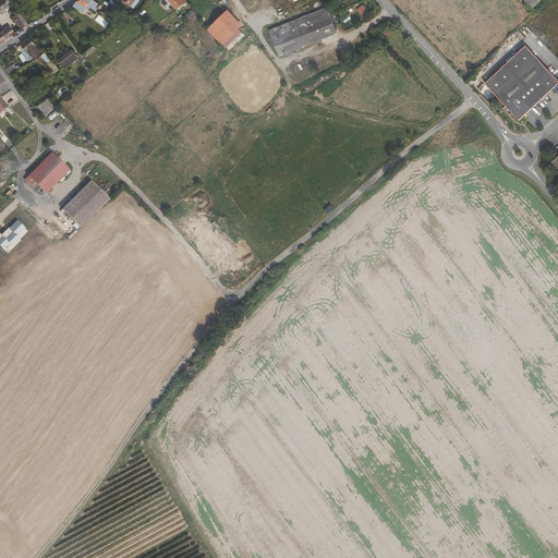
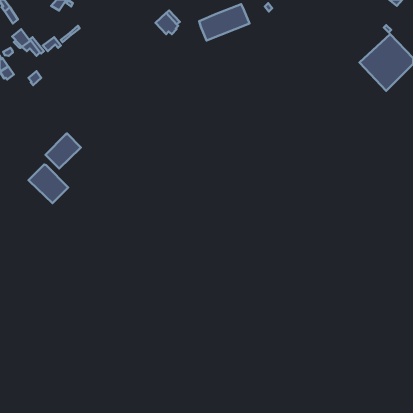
building: [26,151,69,193] -> none
building: none -> [28,164,68,203]

